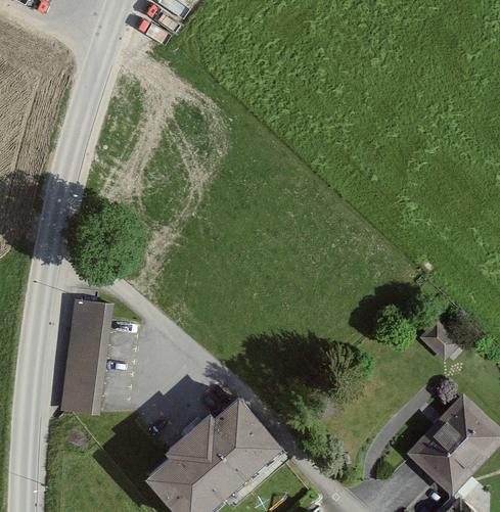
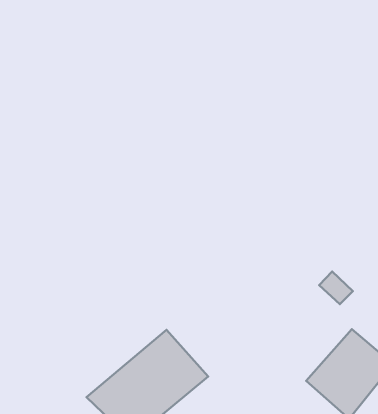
building: [57,308,111,424] -> none

